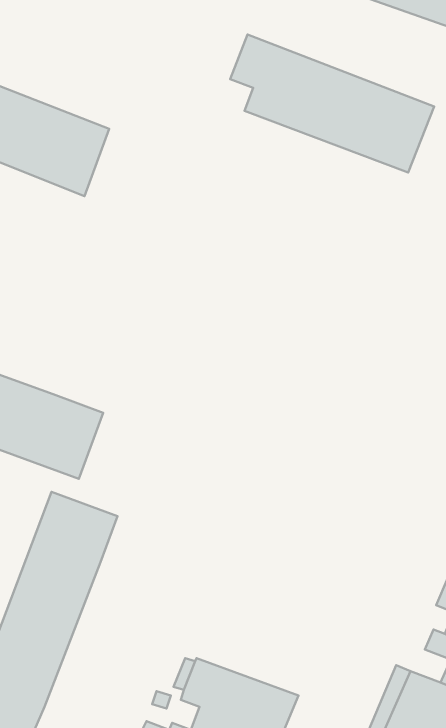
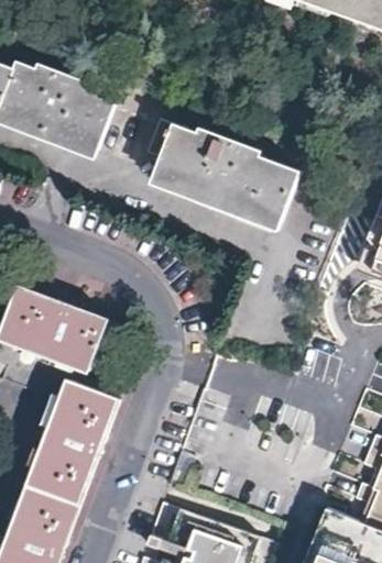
building: [230,35,434,172] -> [140,117,296,222]

